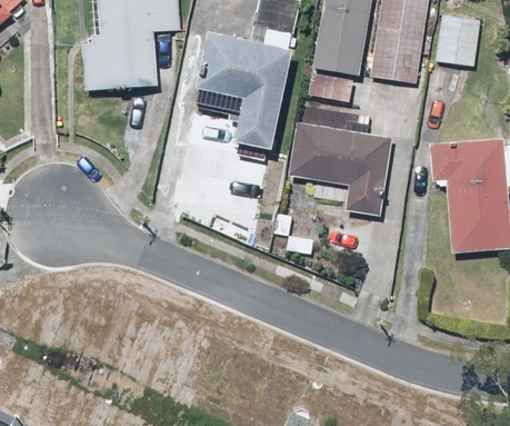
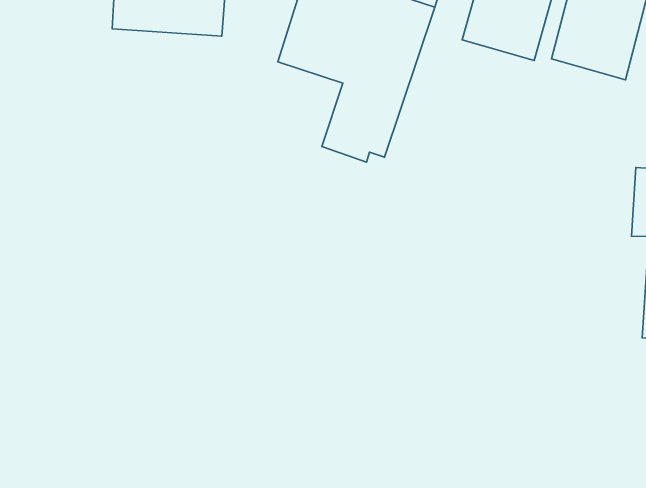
building: [287,119,393,218] -> none

